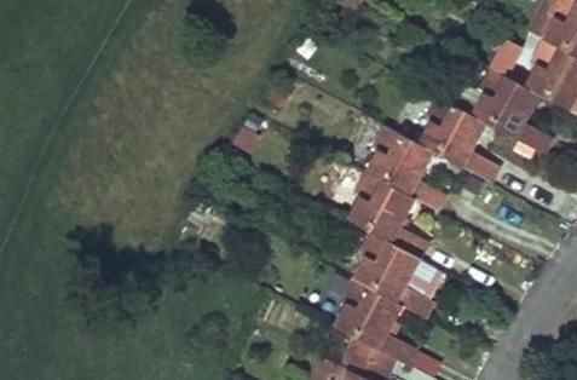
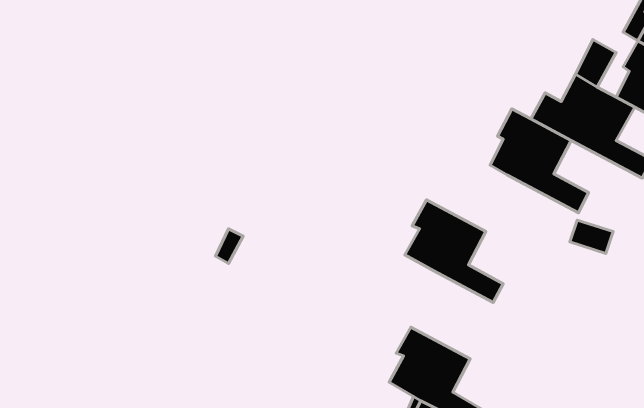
building: [365,125,448,211] -> none
building: [352,231,435,318] -> none

